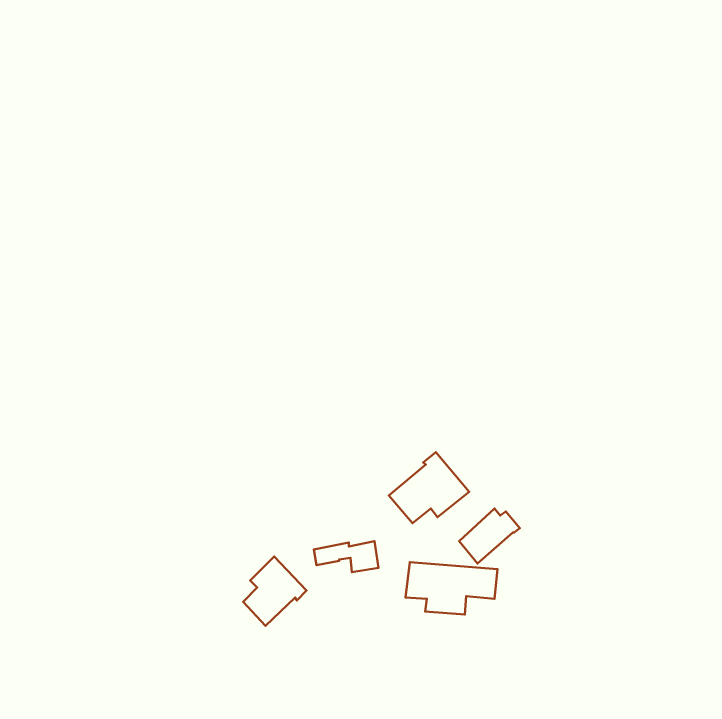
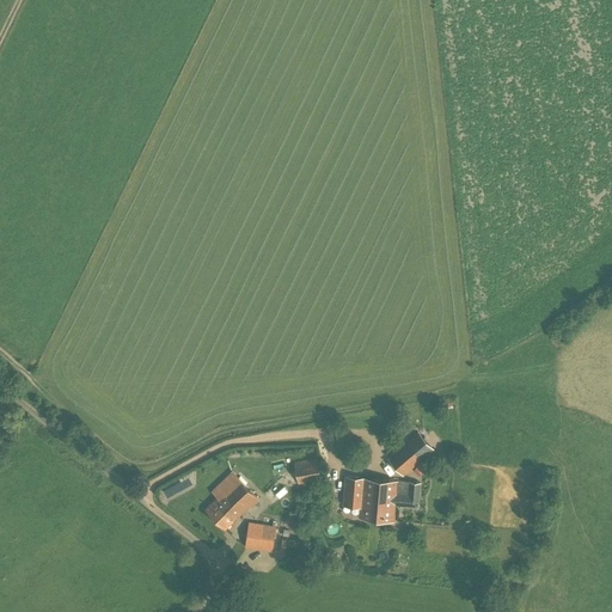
building: [389,452,469,523] -> none
building: none -> [245,526,276,557]

